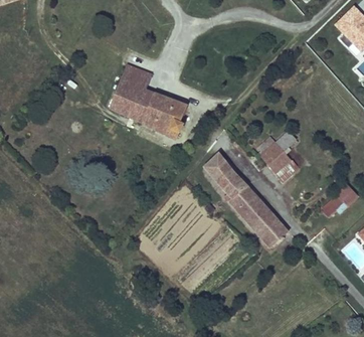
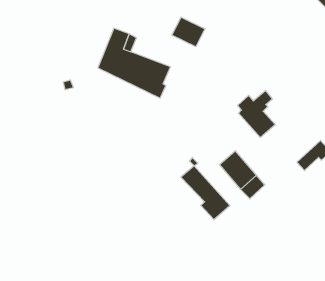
building: none -> [172,17,205,47]
building: [204,153,256,210] -> [181,166,230,220]

